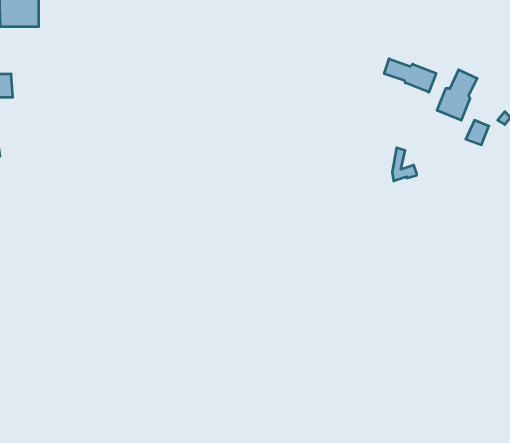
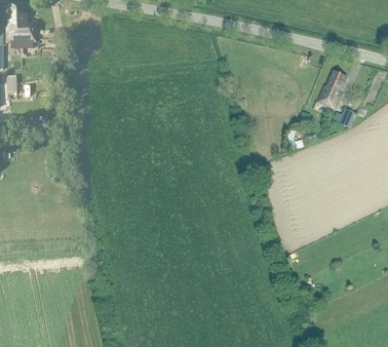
building: [384,59,436,92] -> none

